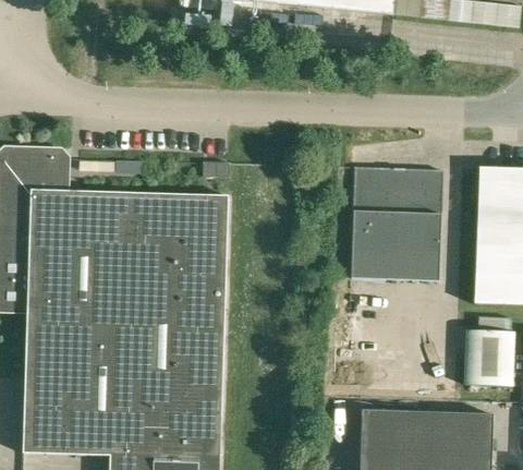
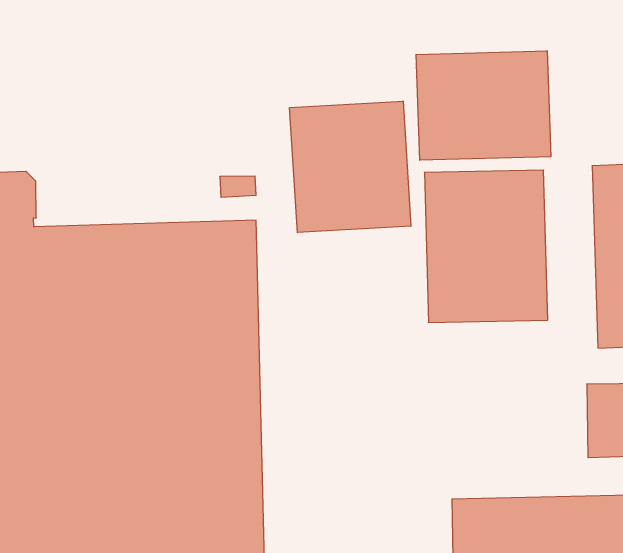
building: none -> [416,51,551,160]
building: none -> [290,101,411,233]

